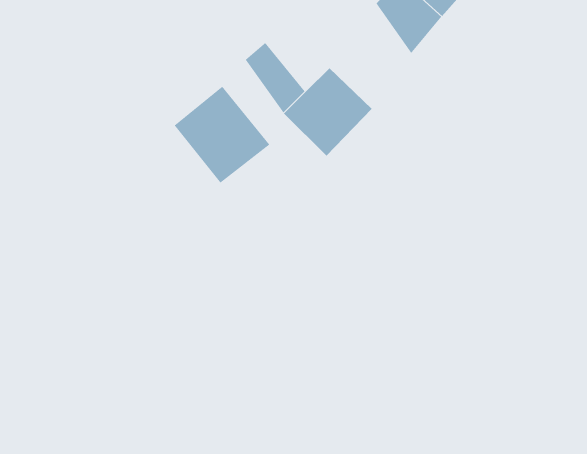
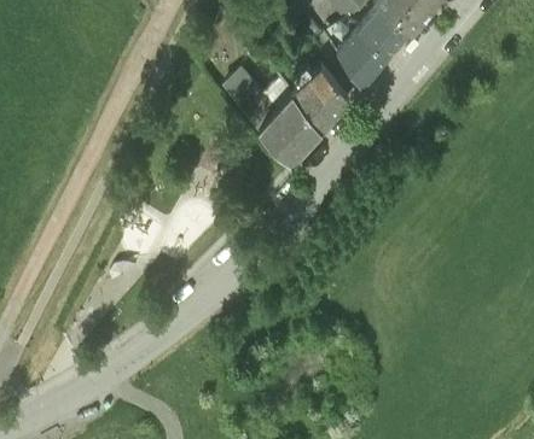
building: none -> [294,69,356,131]
building: [174,86,270,184] -> none

